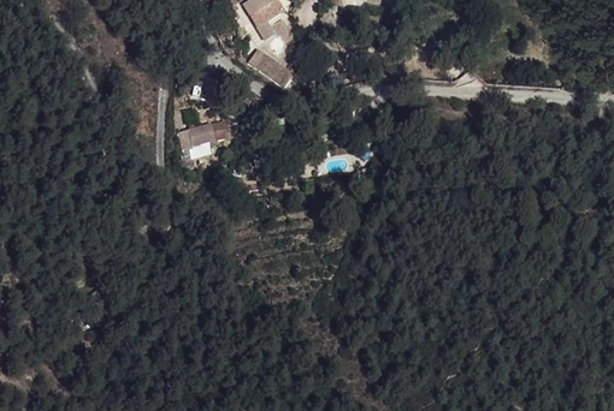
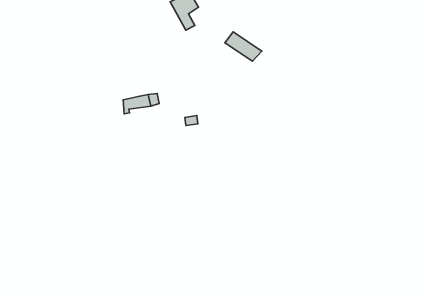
building: [249,49,297,88] -> [225,32,262,61]

